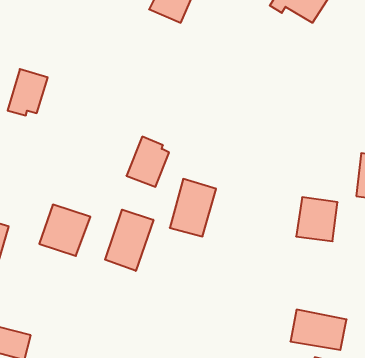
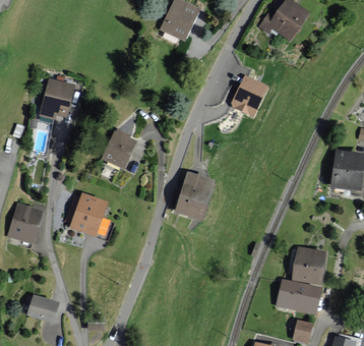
building: none -> [230,76,268,117]
building: [126,137,169,187] -> [101,127,136,169]
building: [296,197,338,241] -> [291,247,325,284]
building: [105,210,153,271] -> none

